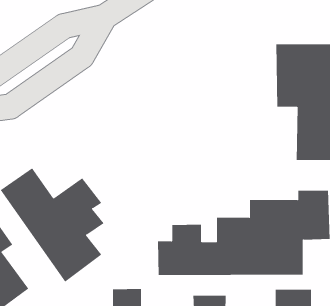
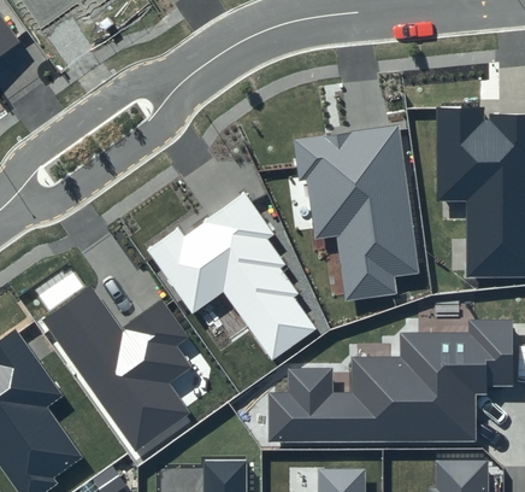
building: none -> [294,124,419,301]
building: none -> [147,192,318,361]

